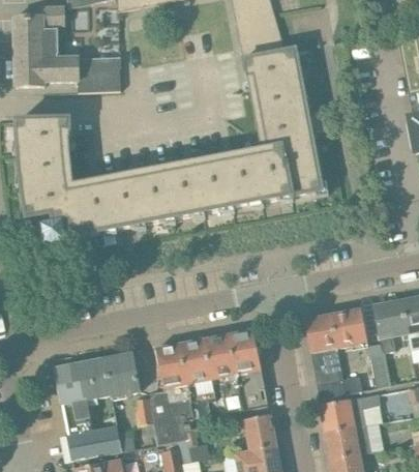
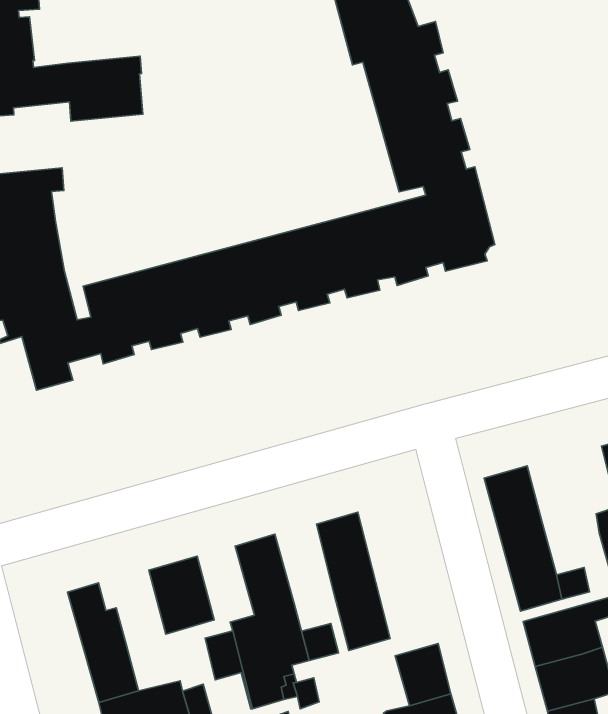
building: [330,308,367,347] -> none
building: [229,328,268,409] -> none
building: [179,338,211,384] -> none
building: [73,358,111,401] -> none

